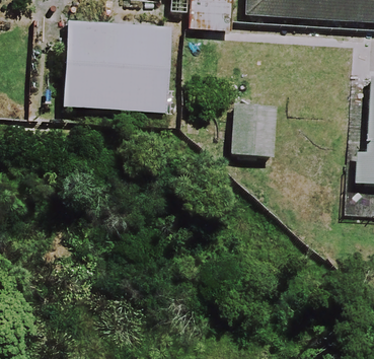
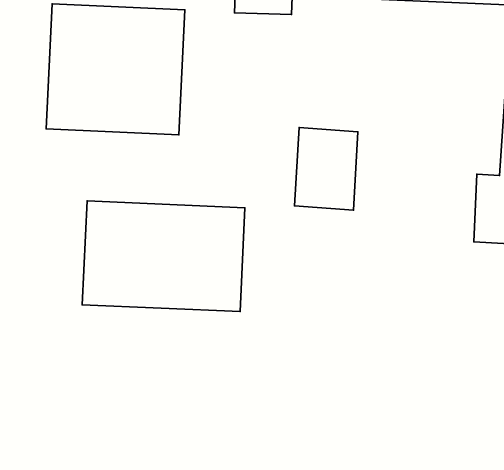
building: none -> [82,201,245,312]

